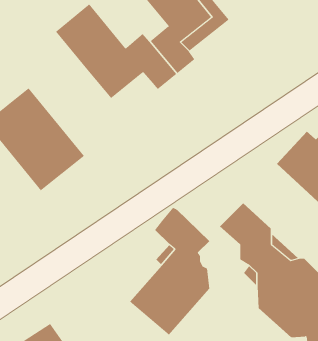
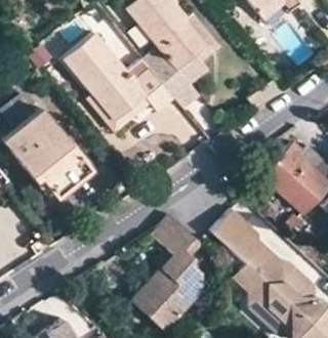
building: none -> [86,93,152,133]

